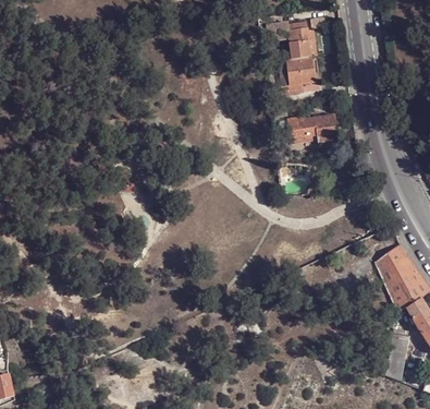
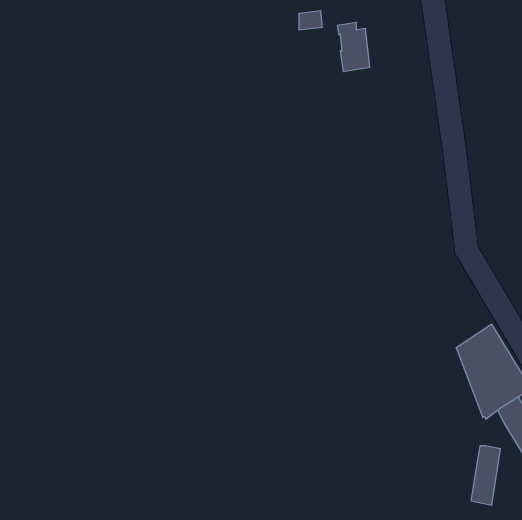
building: [283,55,315,93] -> none
building: [290,115,341,142] -> none

